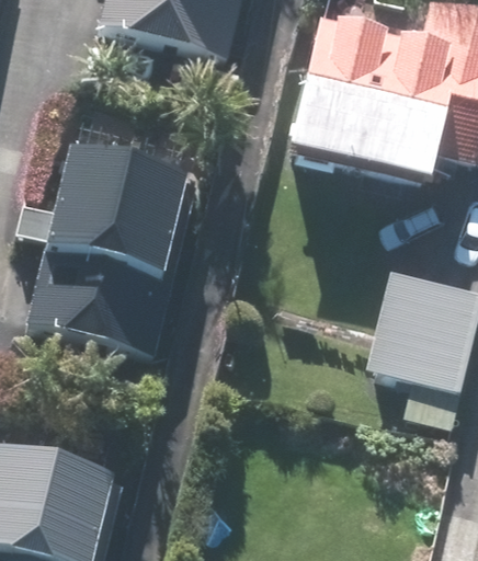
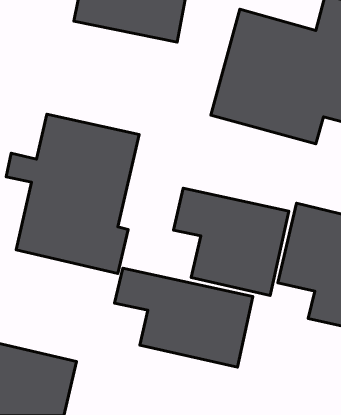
building: none -> [174,188,289,295]
building: none -> [114,268,253,367]

